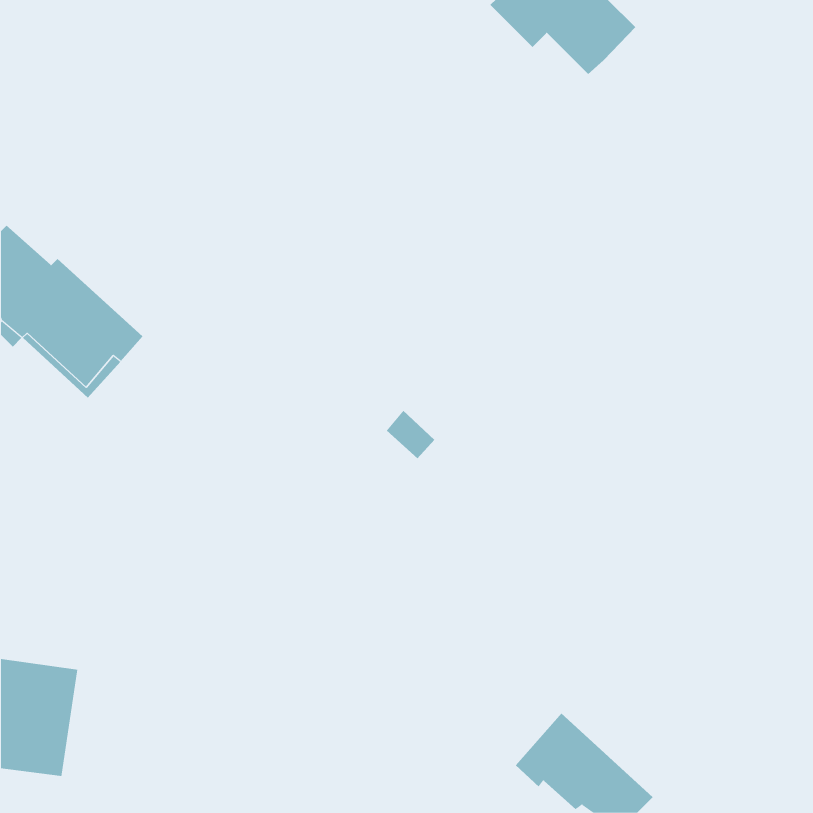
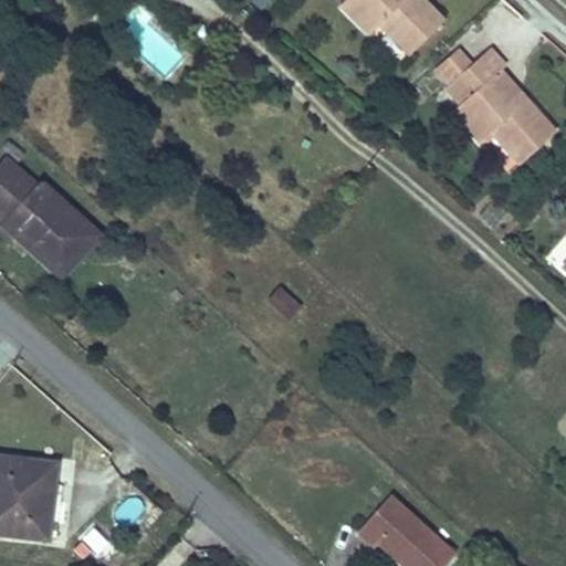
building: none -> [437,49,555,164]

